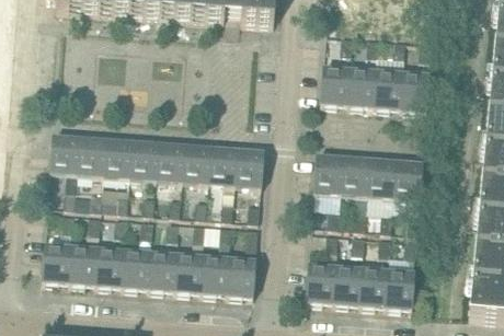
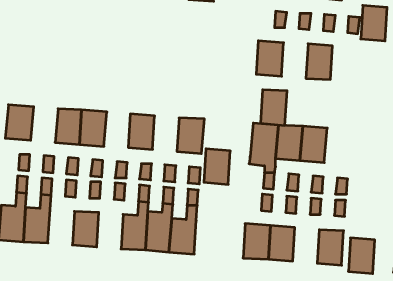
building: [348,69,377,107] -> [261,90,287,125]
building: [401,72,429,111] -> [361,5,387,41]
building: [78,138,107,176] -> none
building: [157,143,185,182] -> none
building: [209,148,238,186] -> [204,149,230,184]
building: [394,161,424,200] -> none
building: [96,248,125,287] -> none
building: [149,252,177,291] -> none
building: [360,268,389,306] -> [348,238,375,274]

